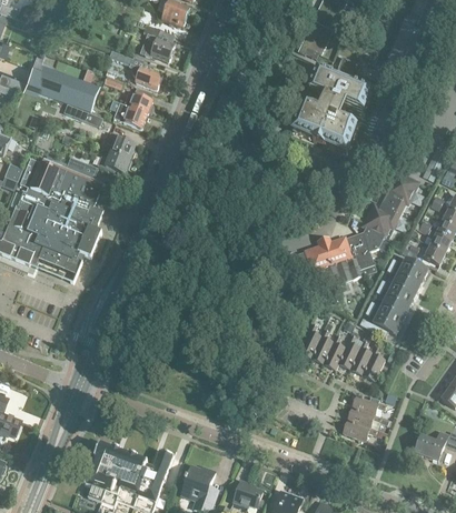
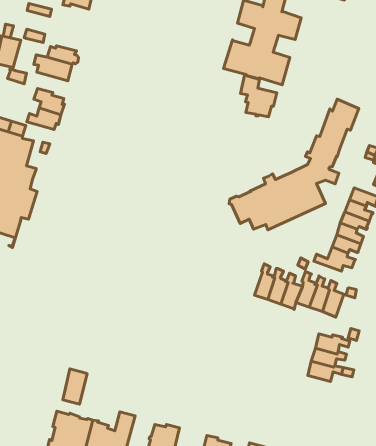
building: [131,63,162,89] -> none
building: none -> [240,75,277,117]
building: none -> [63,369,87,404]

